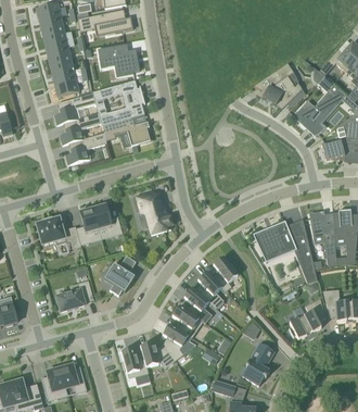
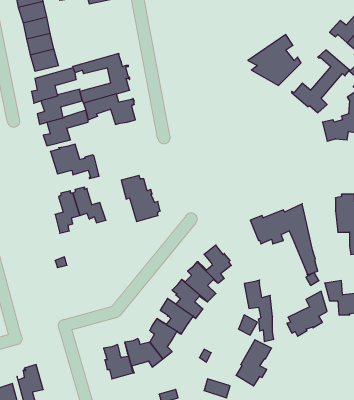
building: [98,42,140,72] -> none
building: [309,210,336,266] -> [244,280,274,342]
building: [36,216,80,248] -> [50,144,99,179]
building: [103,254,135,295] -> none
building: [56,279,93,311] -> none
building: [59,363,87,392] -> none

